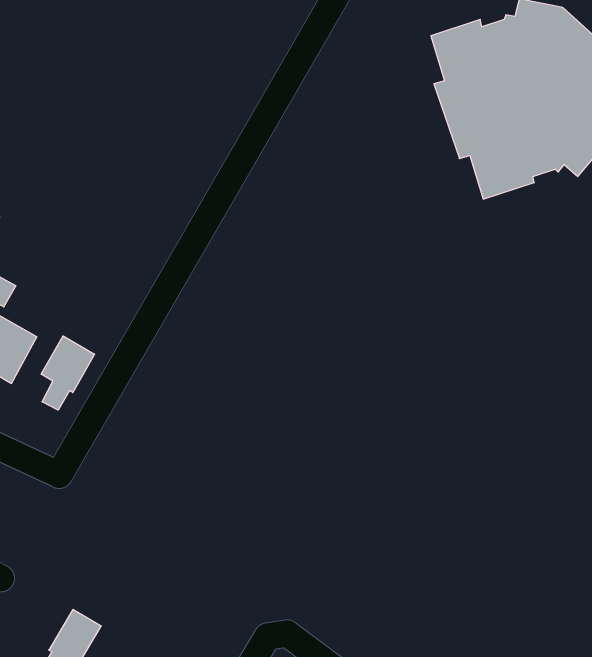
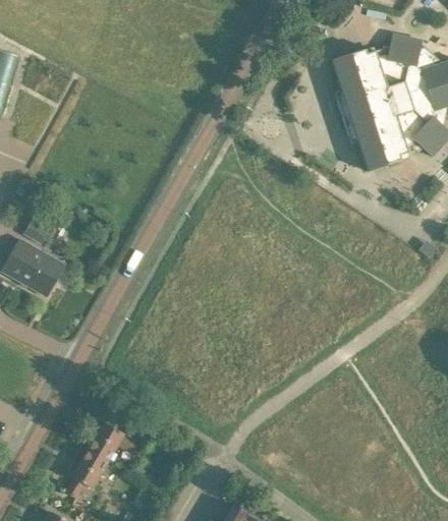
building: [41,336,95,410] -> none
building: none -> [88,422,136,461]

